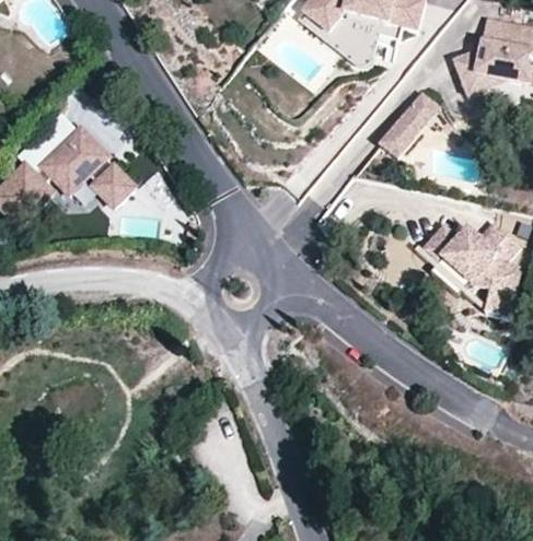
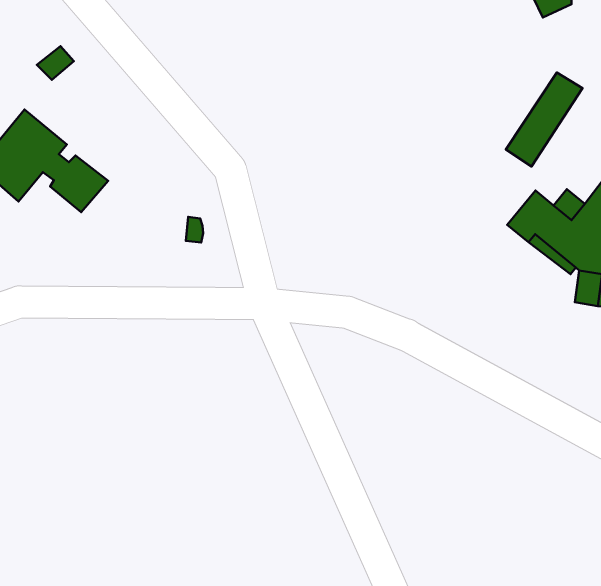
building: [383,89,443,155] -> [506,73,582,166]

